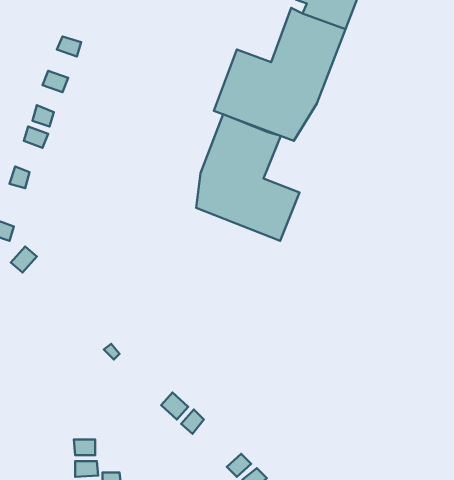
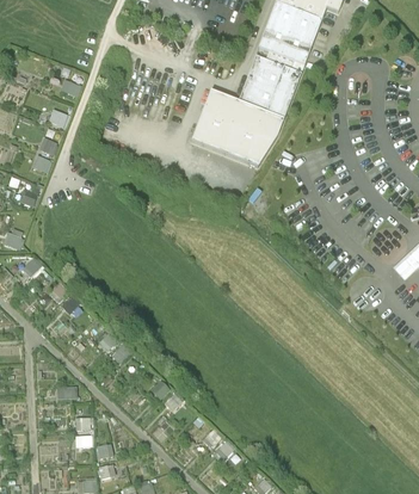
building: [196,114,299,241] -> none

